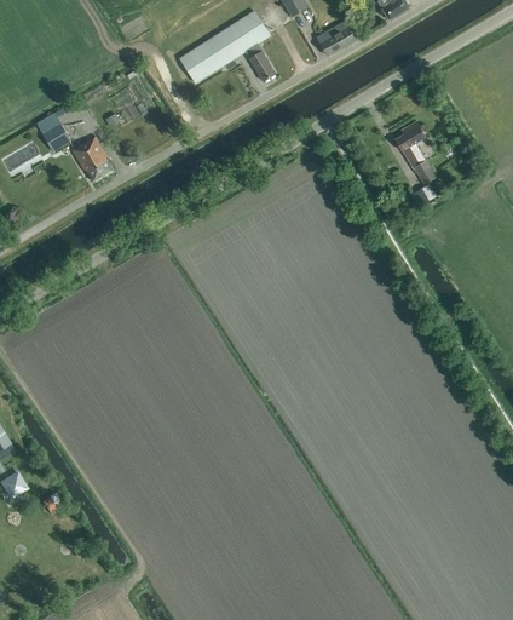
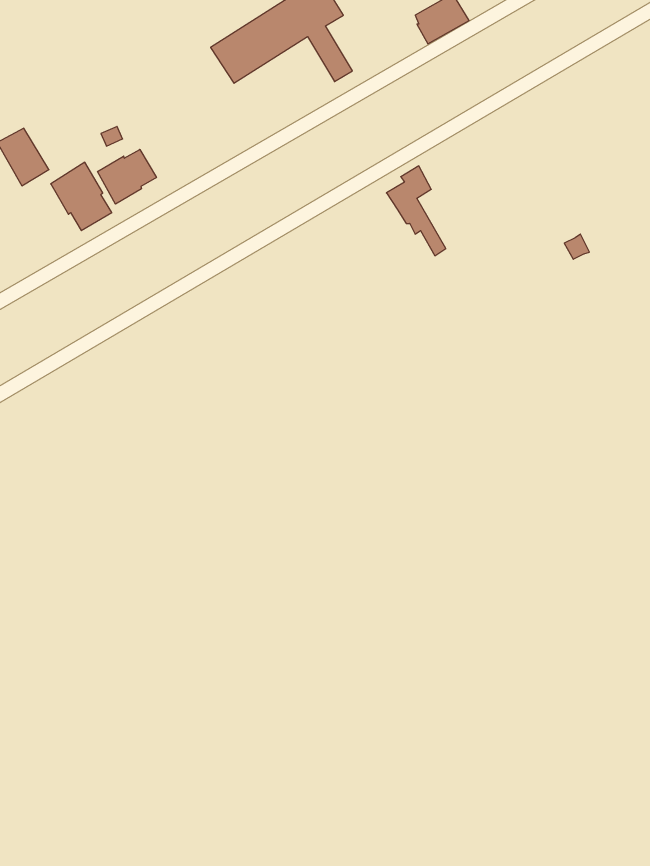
building: [394,121,434,182] -> [386,166,446,256]
building: none -> [98,149,156,204]

